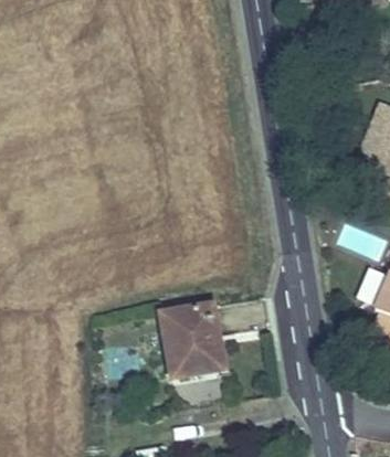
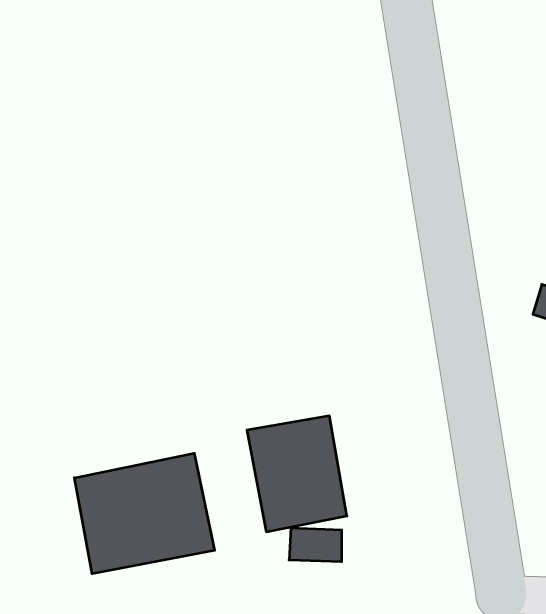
building: none -> [74,453,215,574]

